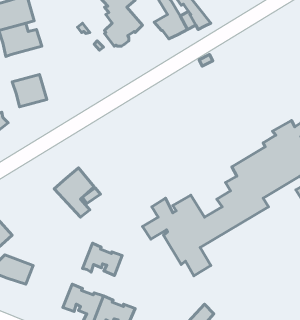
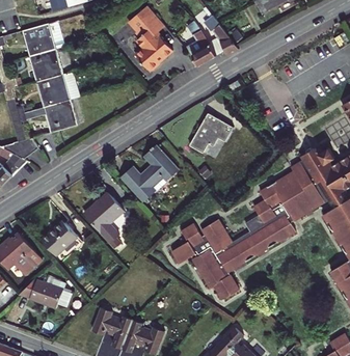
building: none -> [35,73,77,108]
building: none -> [189,113,232,154]
building: none -> [119,145,177,201]
building: none -> [41,221,76,256]
building: [83,243,122,275] -> none

